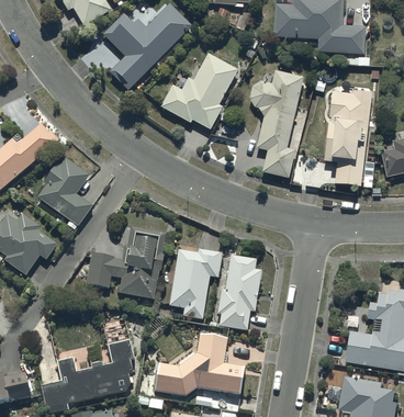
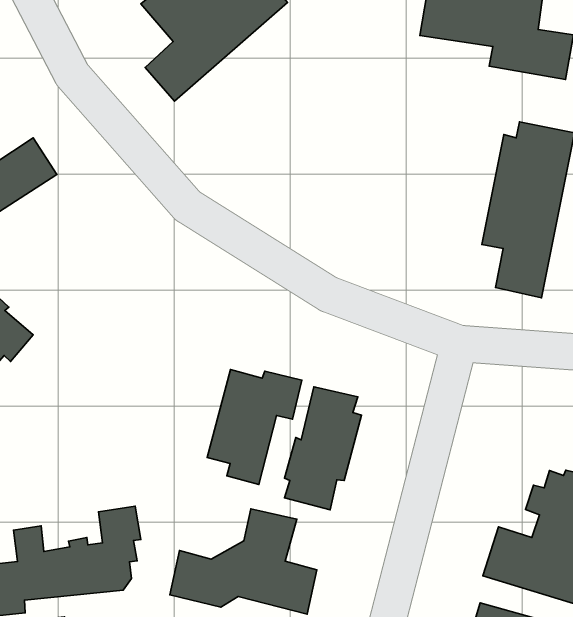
building: [160,52,237,128] -> none
building: [249,70,303,178] -> none
building: [37,158,92,225] -> none
building: [86,226,167,300] -> none

